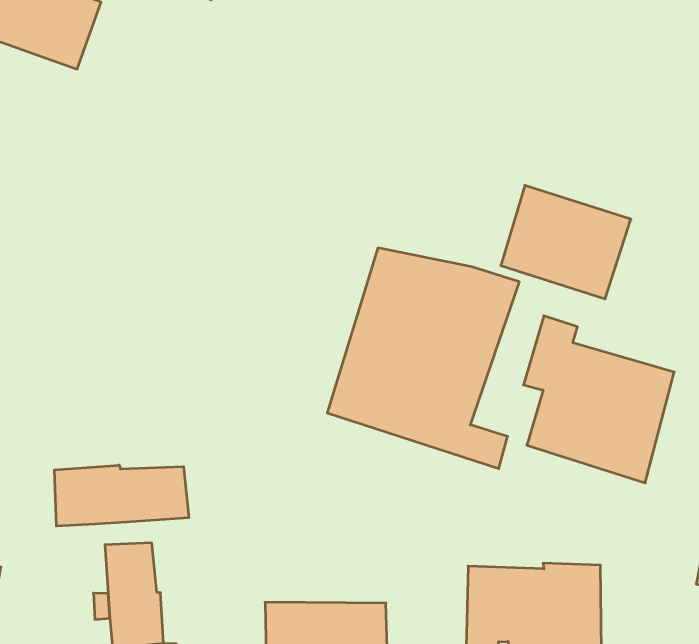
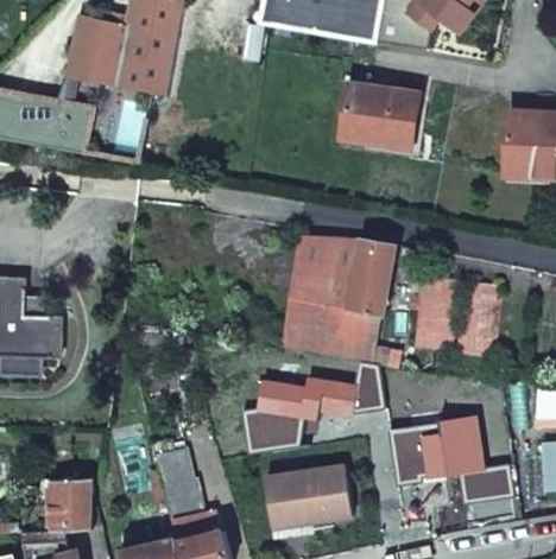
building: [501,185,631,299] -> [342,84,421,148]
building: none -> [242,364,380,450]
building: [54,465,189,526] -> none

